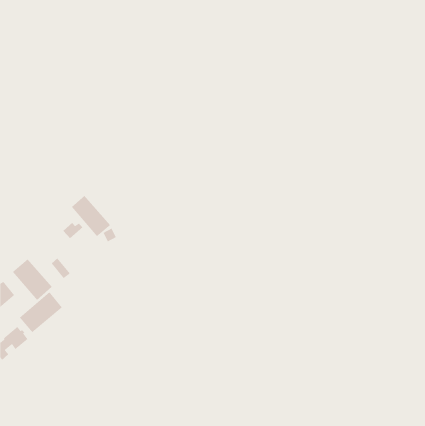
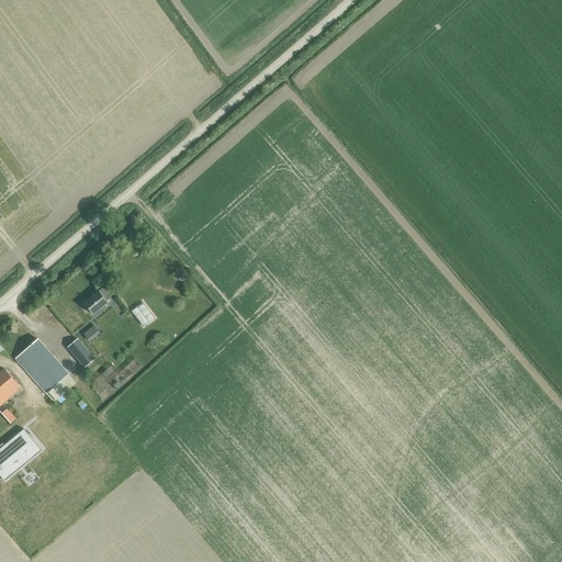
building: [71,195,111,237] -> none
building: [19,291,63,333] -> none

